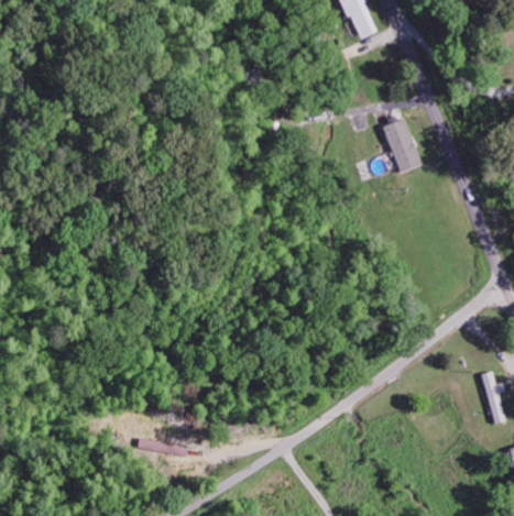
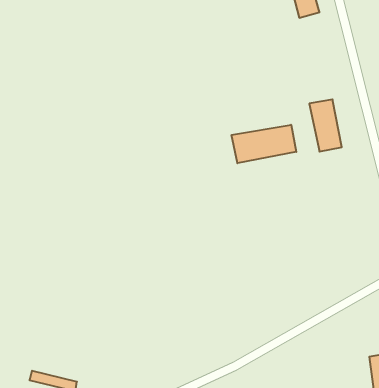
building: none -> [232,125,296,163]

